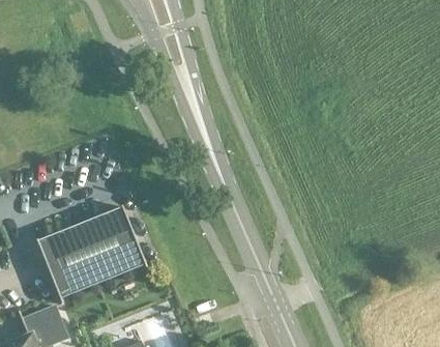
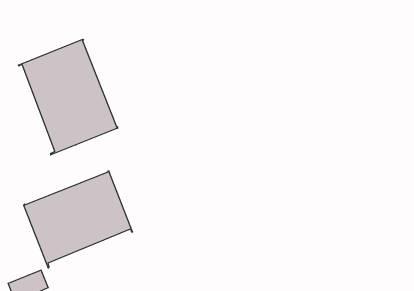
building: none -> [18,39,118,155]

